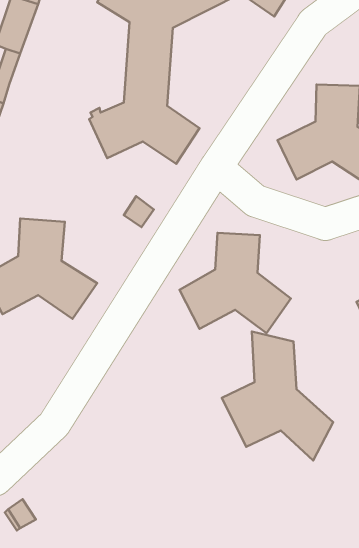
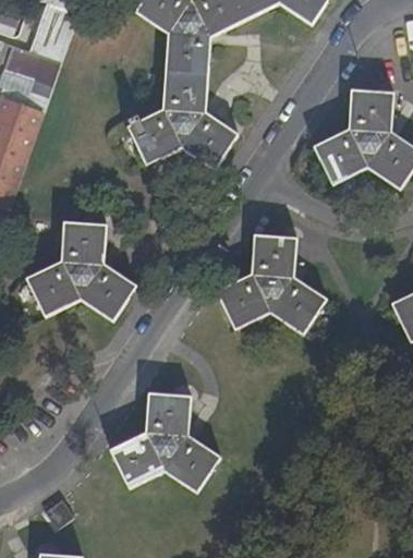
building: [222,332,333,460] -> none
building: none -> [110,393,220,493]

